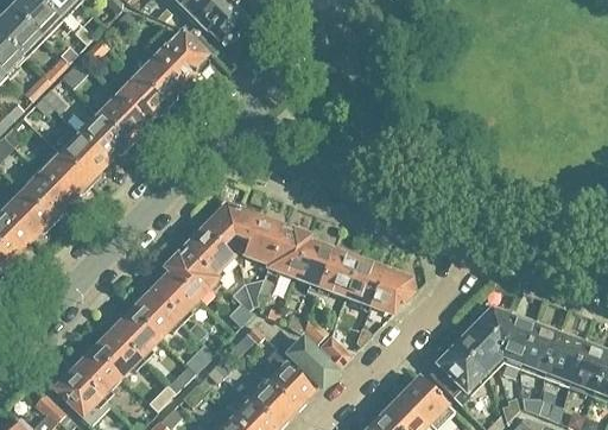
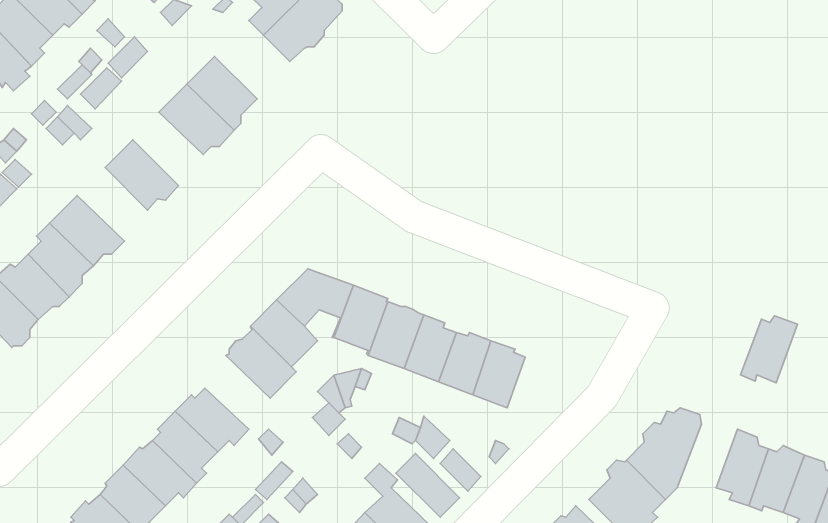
building: [157,33,208,82] -> none
building: [97,91,148,145] -> none
building: [57,132,108,185] -> none
building: [150,268,197,322] -> none
building: [369,268,413,317] -> none
building: [495,316,537,365] -> [740,316,798,383]

